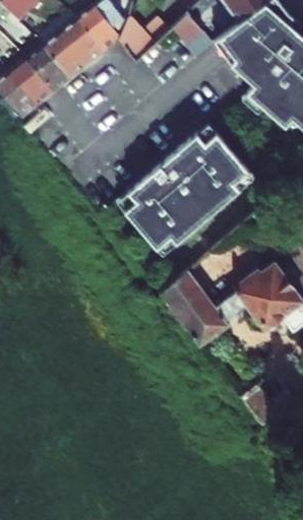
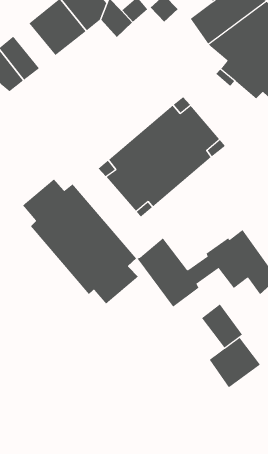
building: [25,44,70,91] -> none
building: none -> [22,178,139,305]
building: none -> [201,303,243,348]

